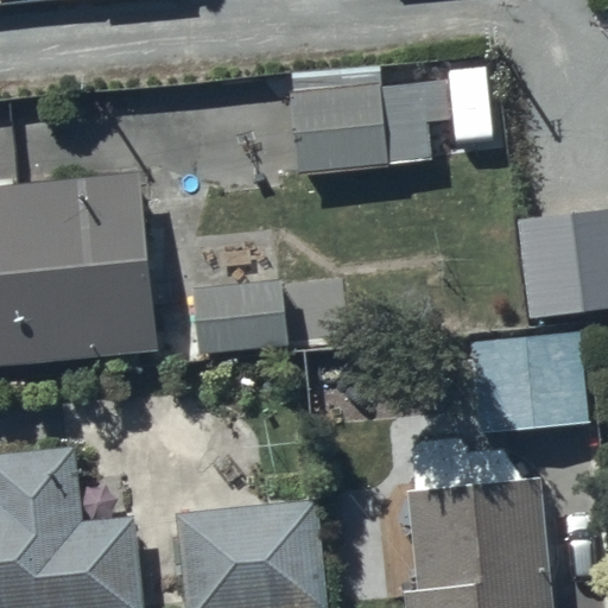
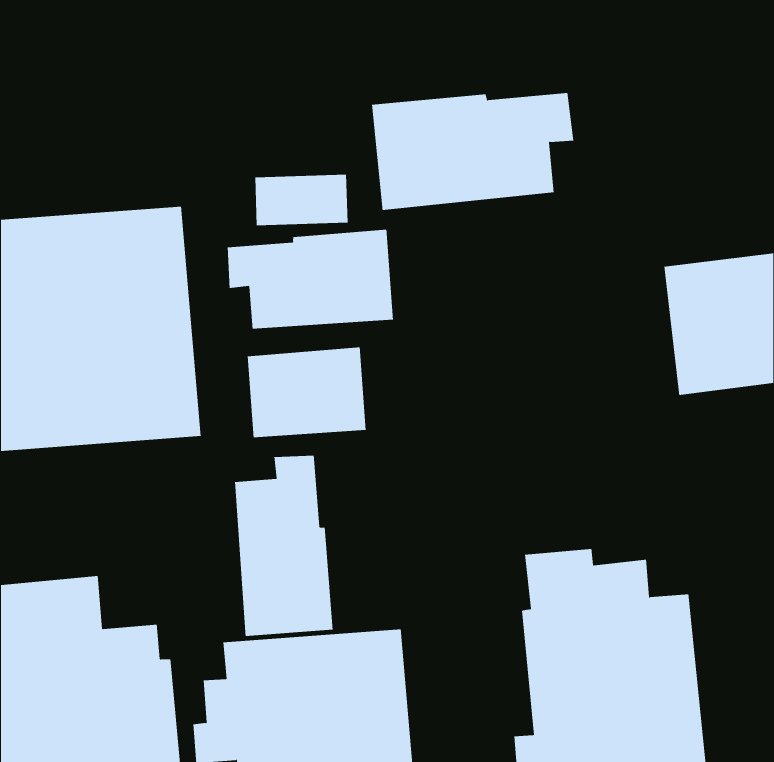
building: none -> [227,229,394,330]
building: [471,331,587,432] -> none
building: none -> [235,455,333,637]

